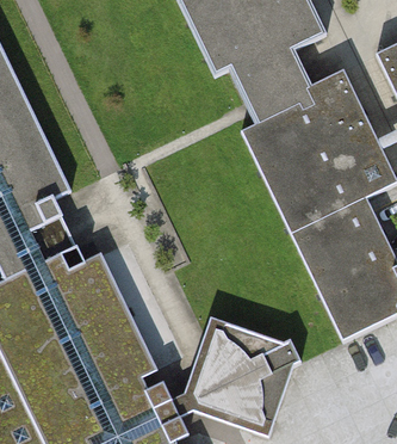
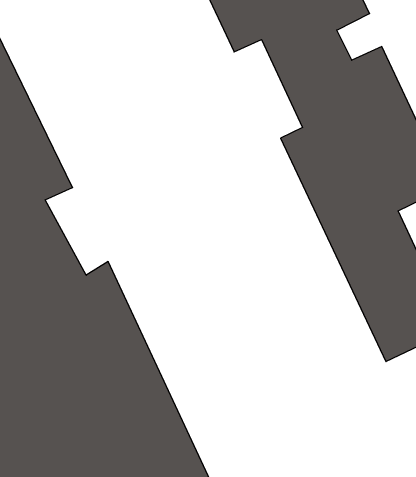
building: [181,322,289,430] -> none

